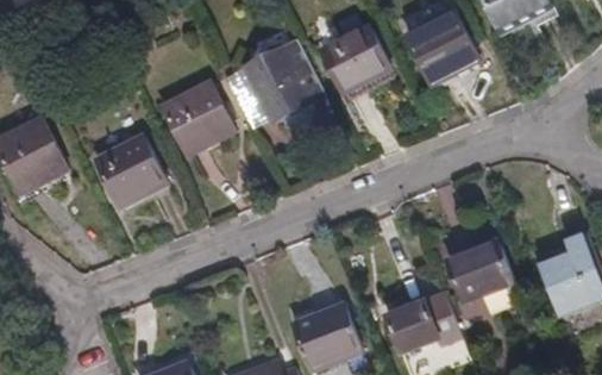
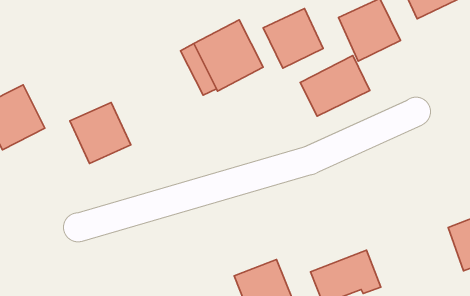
building: none -> [300,55,370,116]
building: [164,81,237,154] -> none
building: [443,250,510,312] -> none

